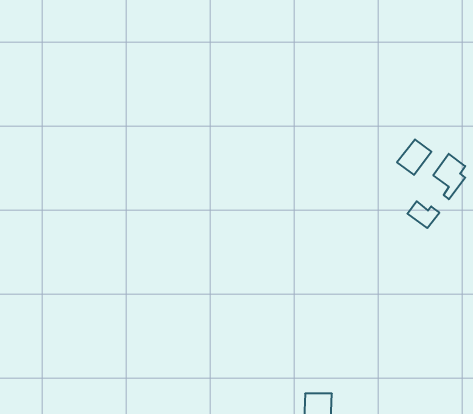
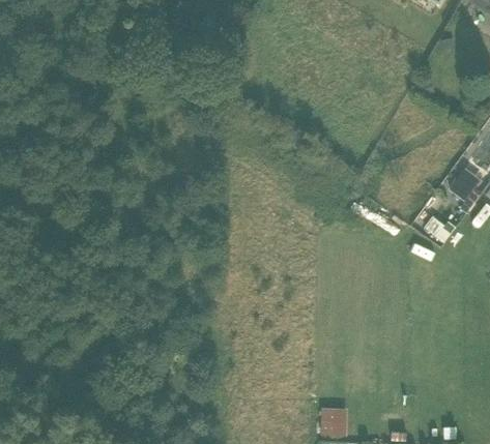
building: [397,139,431,175] -> none

